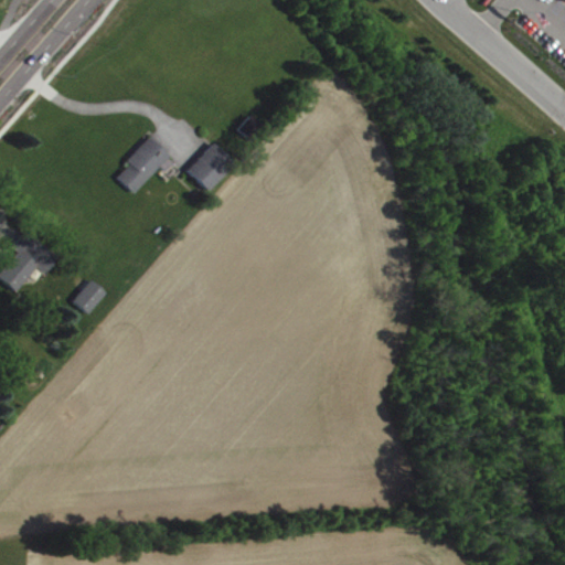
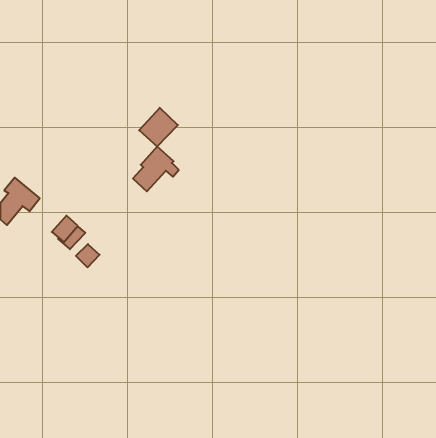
building: [116,137,174,194] -> [133,147,179,191]
building: none -> [76,244,100,267]

